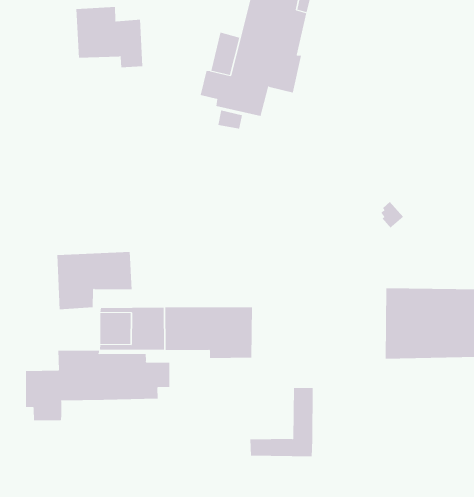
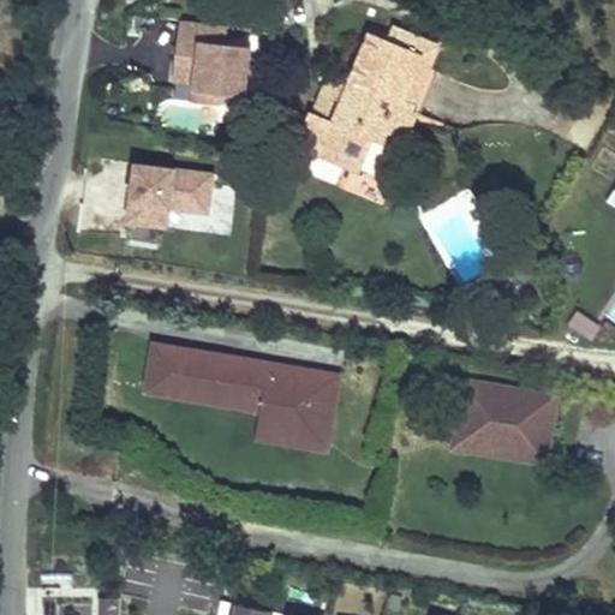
building: [56,252,132,310] -> [127,165,214,227]
building: [25,350,170,421] -> none
building: [250,388,313,457] -> [257,372,336,449]

